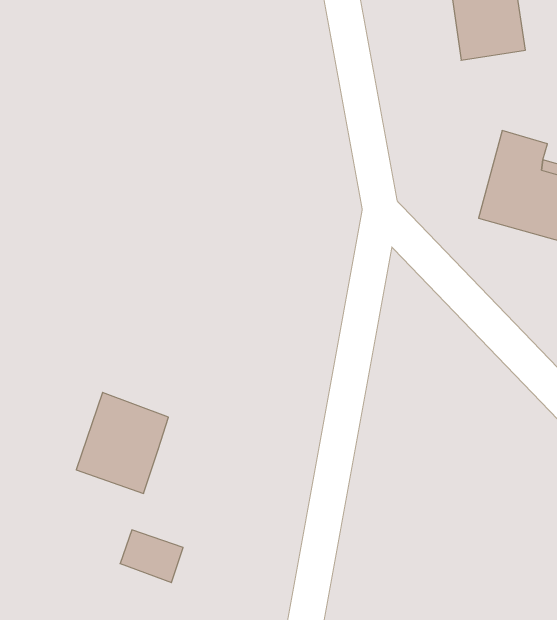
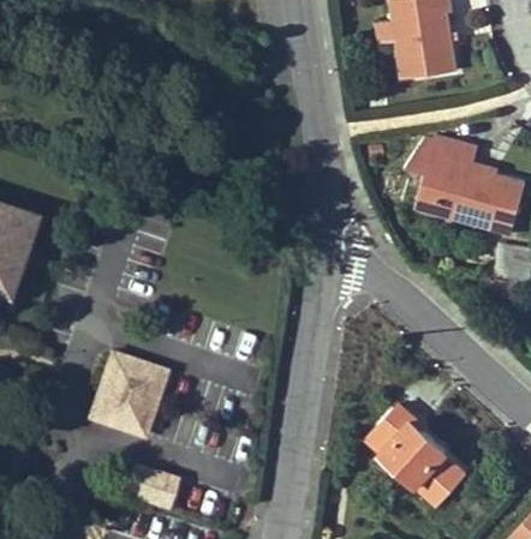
building: none -> [369,408,464,504]

